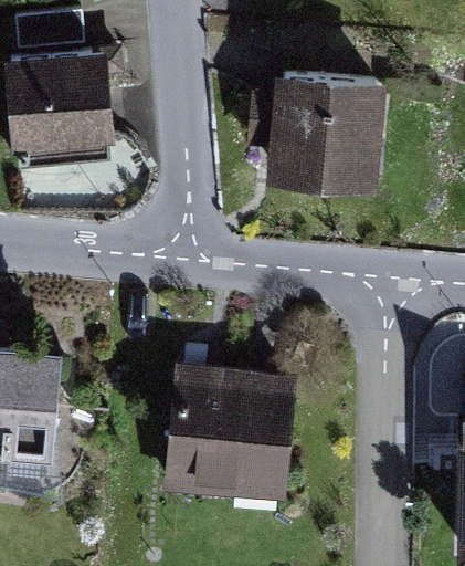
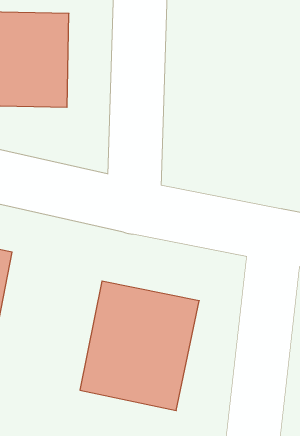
building: [258,71,381,192] -> none

